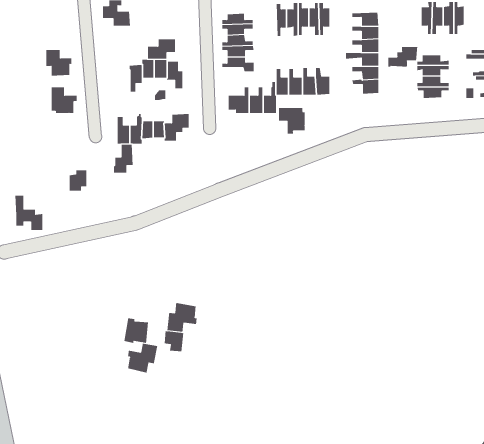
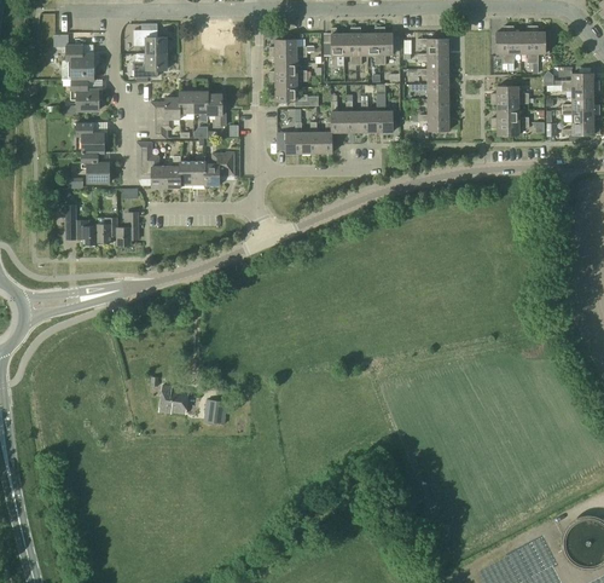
building: none -> [53,34,93,80]
building: [147,39,176,59] -> [134,53,167,76]
building: [388,46,418,67] -> none
building: [279,107,305,135] -> none
building: none -> [81,152,109,181]
building: [113,144,134,173] -> [116,212,139,244]
building: [14,195,43,230] -> [64,204,97,244]
building: [167,302,197,333] -> none
building: [127,343,158,374] -> none

